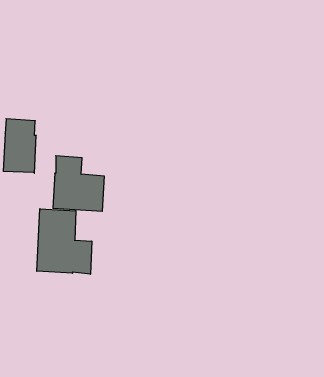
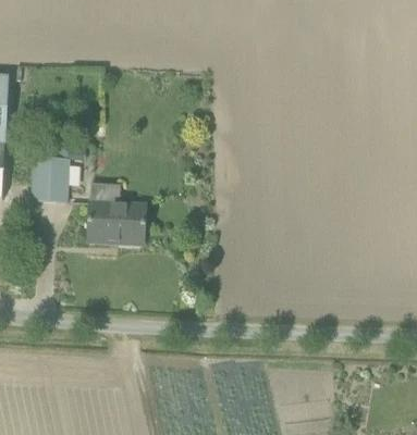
building: [37,209,92,274] -> none

